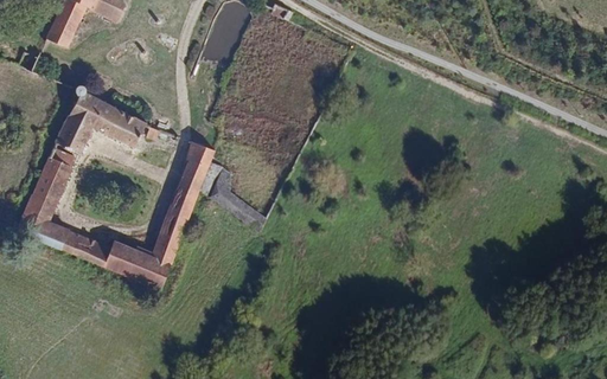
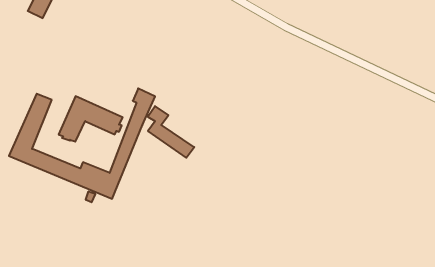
building: [59,91,145,152] -> [59,96,123,142]

